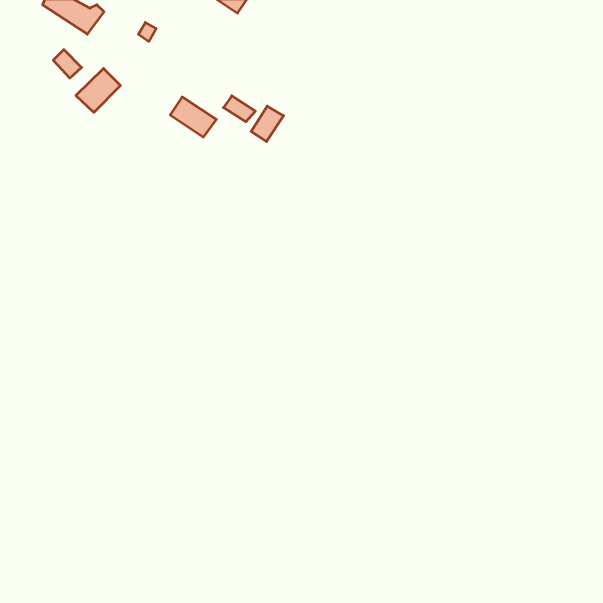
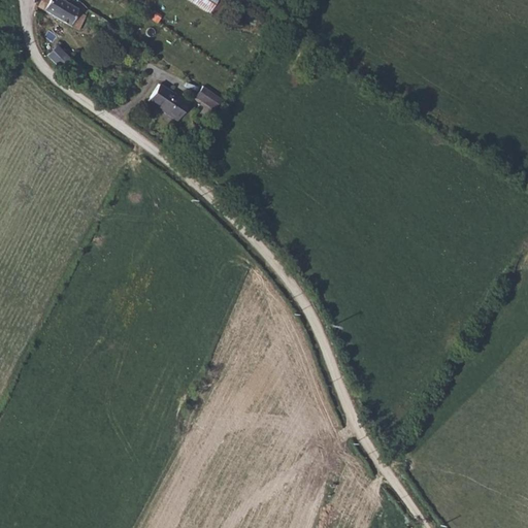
building: [76,68,120,112] -> none
building: [251,106,284,142] -> none

